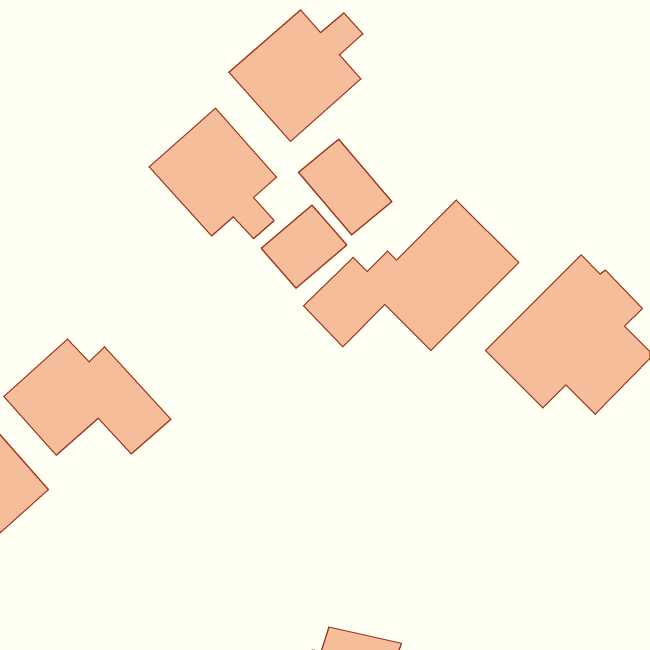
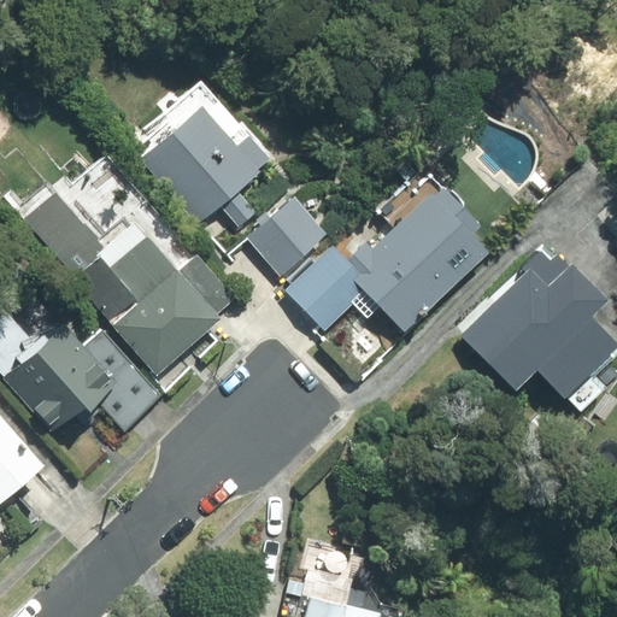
building: [229,10,363,141] -> none
building: [299,139,392,235] -> none
building: none -> [22,192,240,375]

